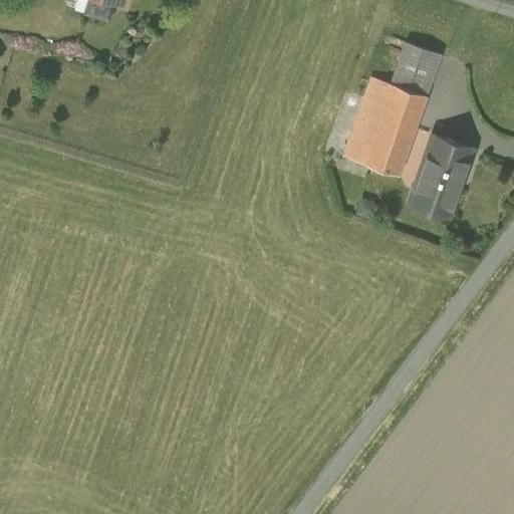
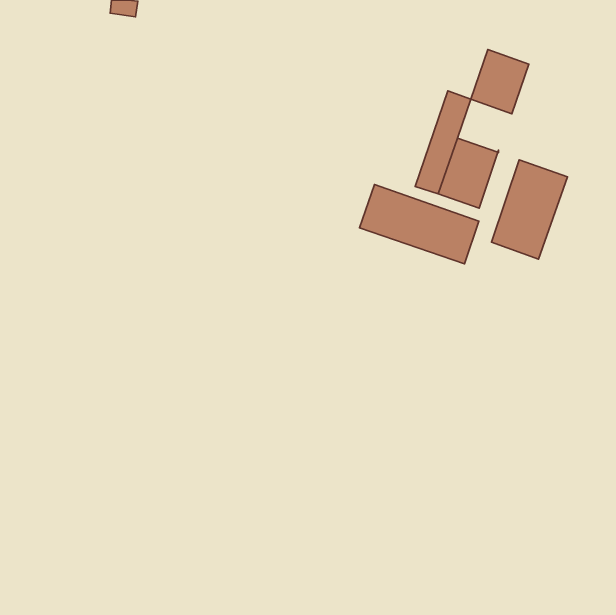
building: [381,85,427,130] -> none
building: none -> [360,184,479,264]

